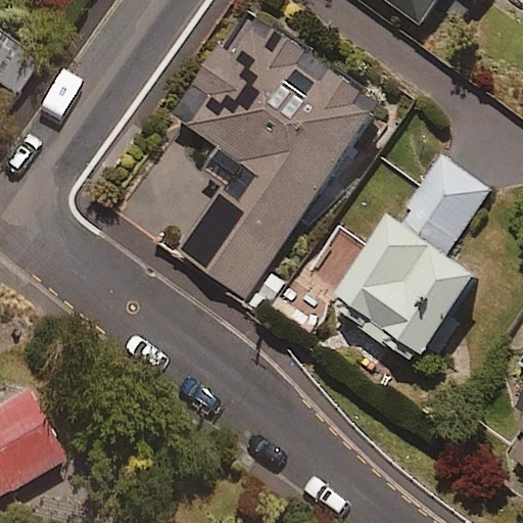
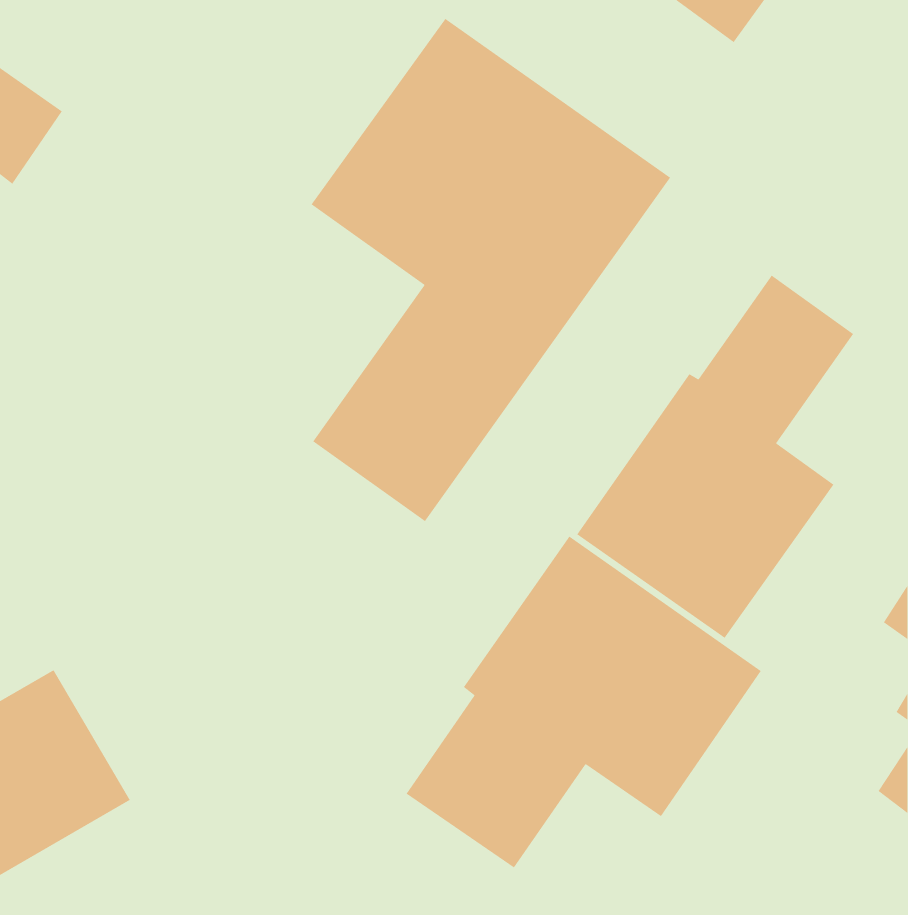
building: none -> [406,536,762,869]

